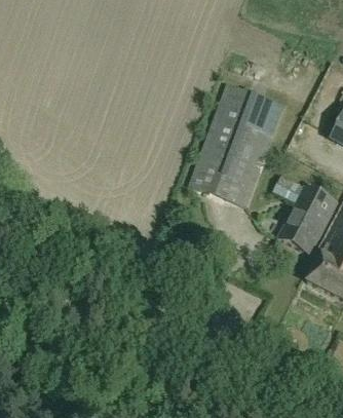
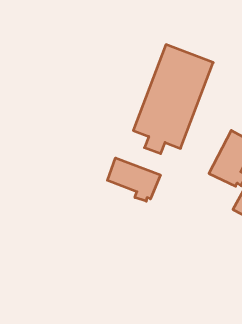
building: none -> [107,158,160,201]

